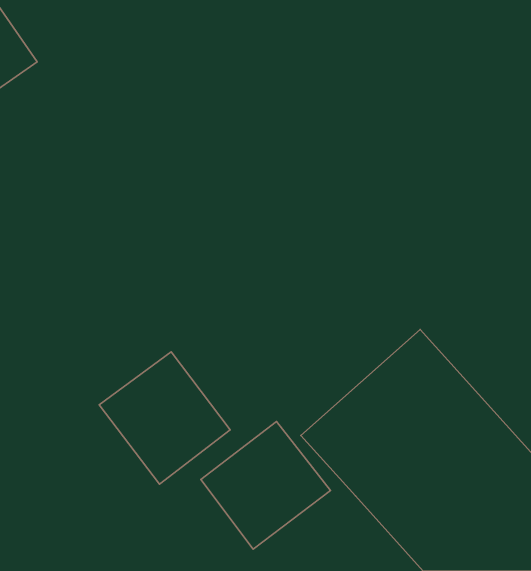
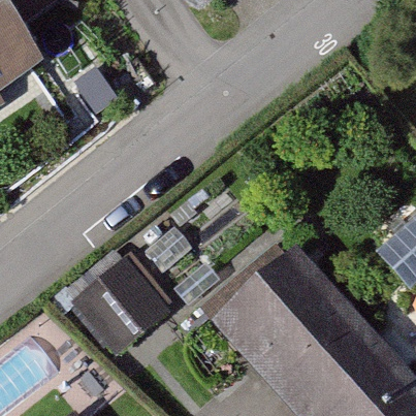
building: [201,422,331,549] -> none

